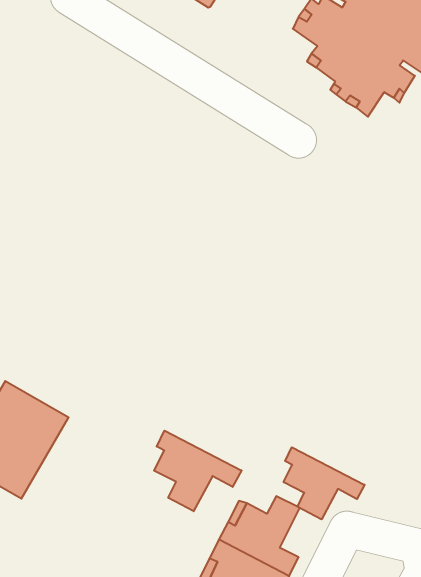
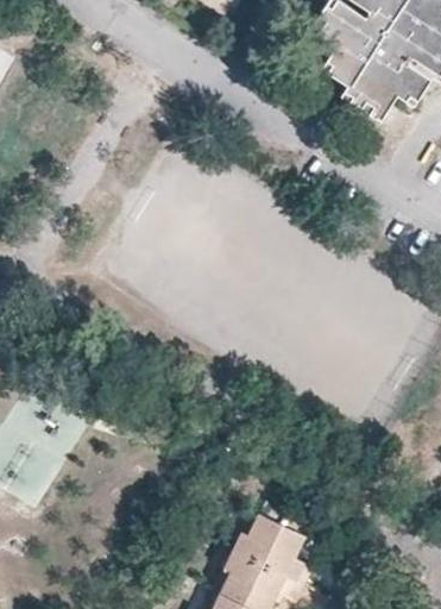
building: [154,431,242,511] -> none
building: [284,447,365,519] -> none

